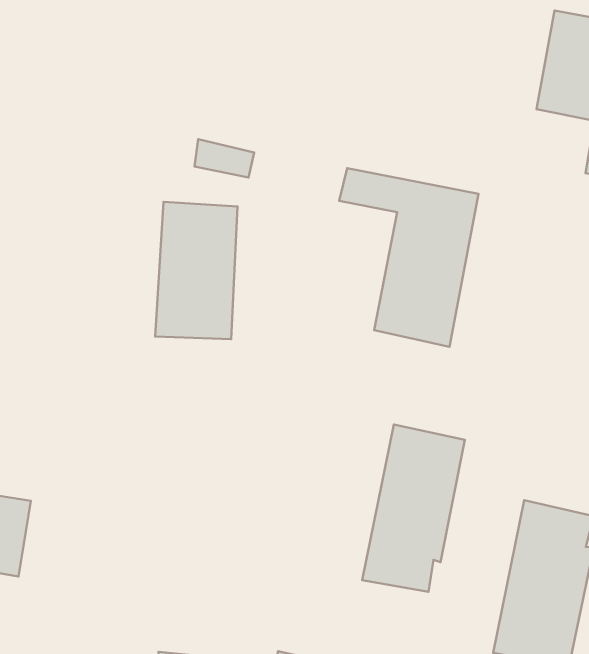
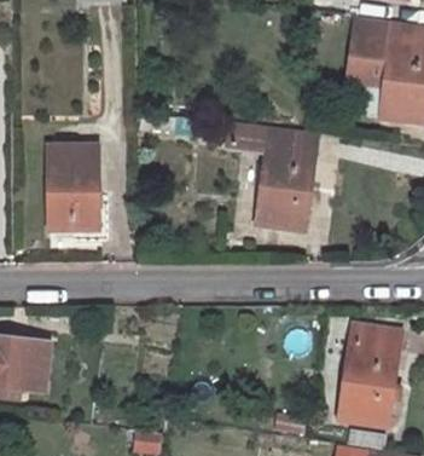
building: [155,202,238,339] -> [50,145,97,229]
building: [362,425,465,592] -> none

